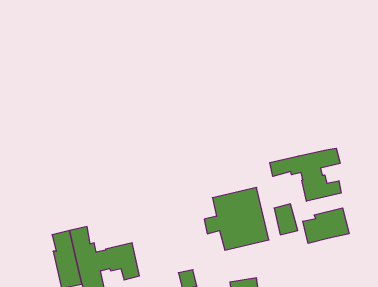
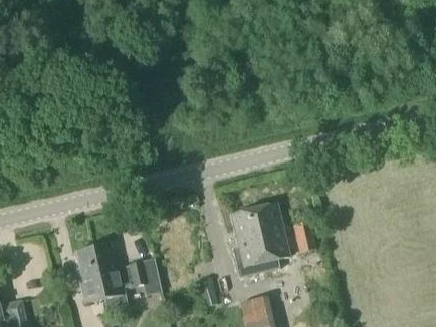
building: [270,148,341,201] -> none
building: [303,208,349,243] -> none

